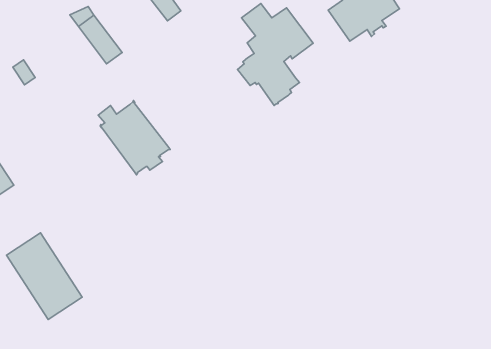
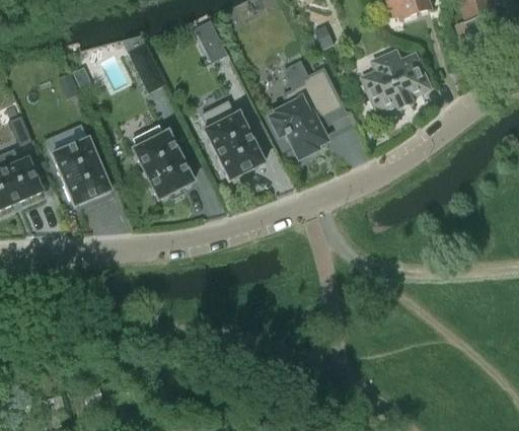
building: none -> [200,100,265,181]
building: [7,233,82,319] -> [46,123,109,205]

